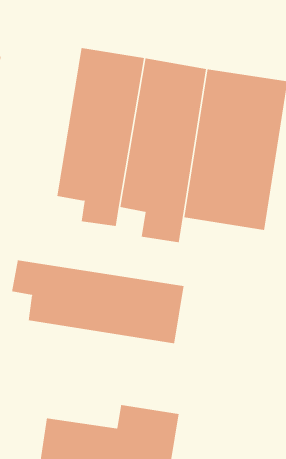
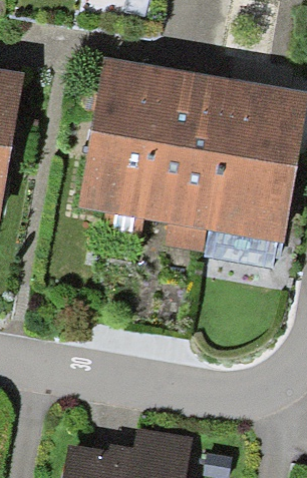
building: [12,259,184,344] -> none

